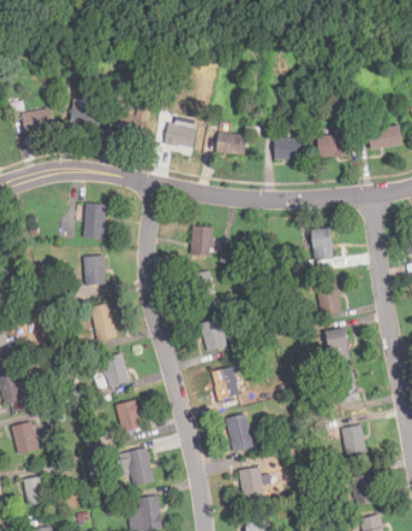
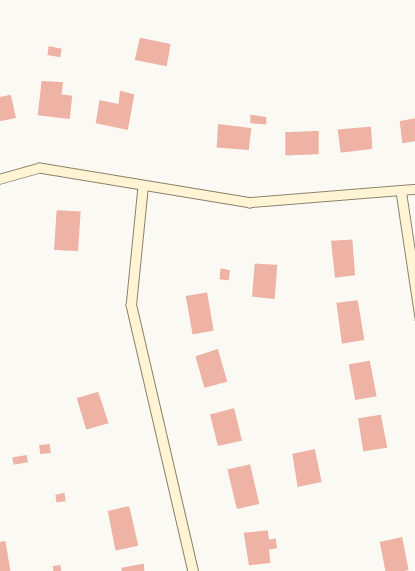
building: [164,123,195,148] -> [134,37,172,67]
building: [190,226,212,256] -> [251,263,278,300]
building: [82,256,104,284] -> none
building: [90,304,117,340] -> none
building: [115,400,142,432] -> none
building: [341,424,366,457] -> [291,449,322,488]

